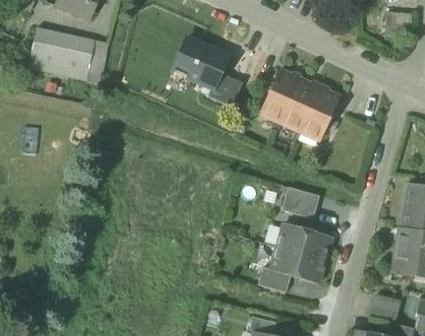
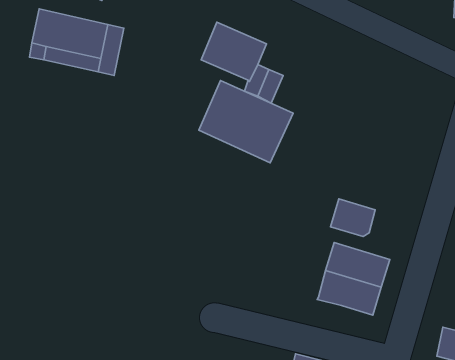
building: [259,70,339,139] -> [199,80,293,163]
building: [257,266,290,292] -> none

